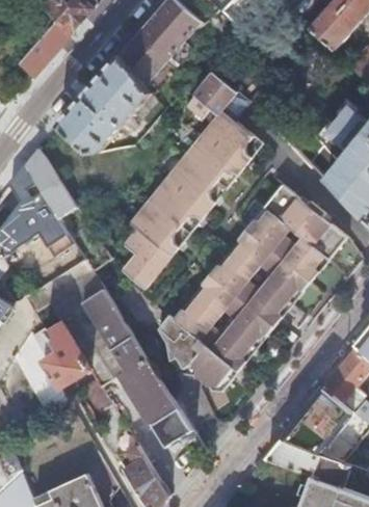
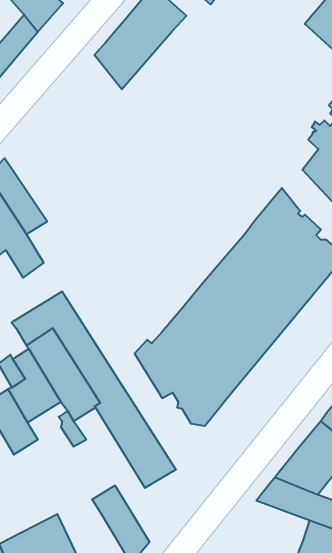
building: [56,55,150,154] -> none
building: [123,72,261,276] -> none

